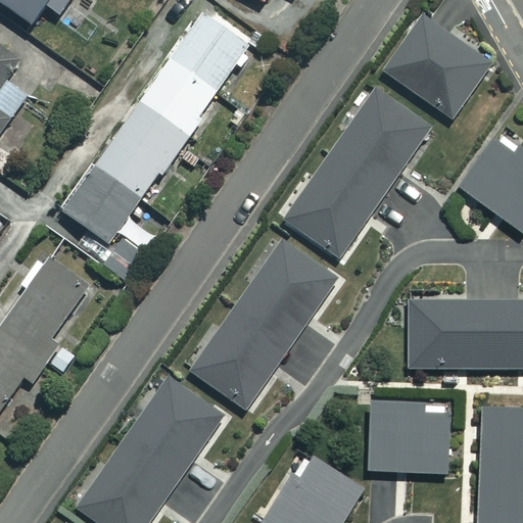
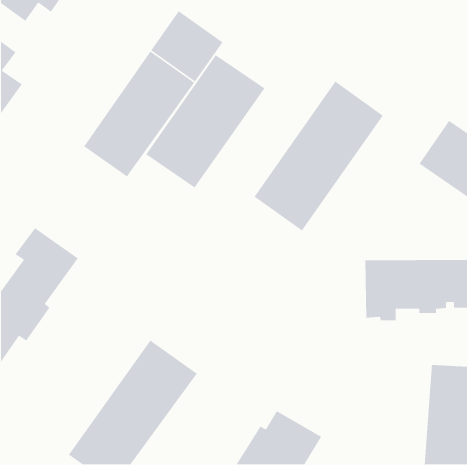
building: [383,16,490,120] -> none
building: none -> [145,54,265,189]
building: [60,163,155,281] -> none
building: [191,242,335,409] -> none
building: [366,400,449,474] -> none

